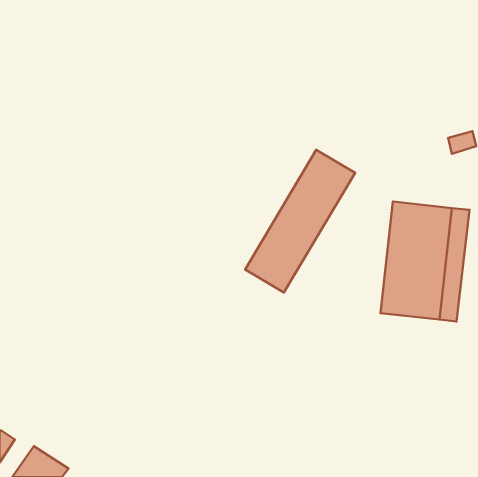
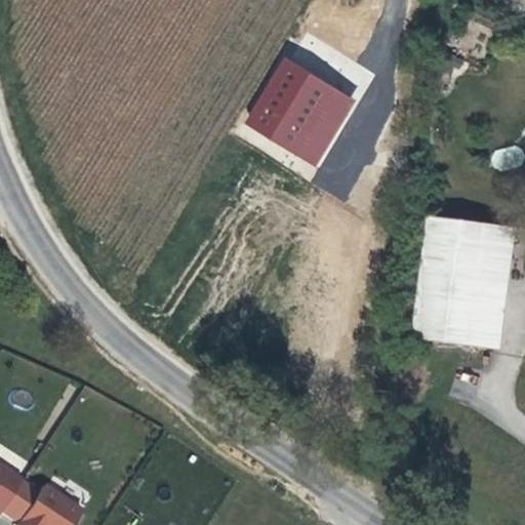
building: none -> [244,56,354,163]
building: [245,150,355,292] -> none

